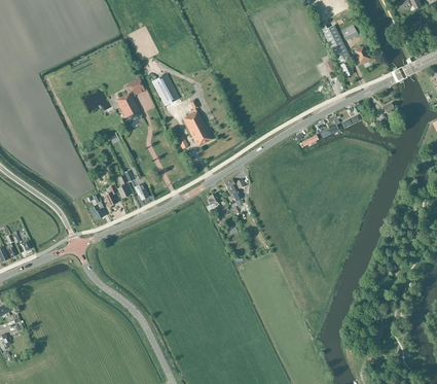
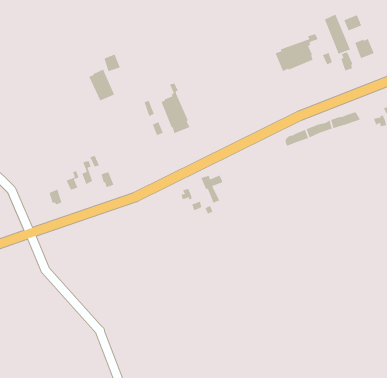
building: none -> [274,33,319,72]
building: [151,74,181,109] -> none

